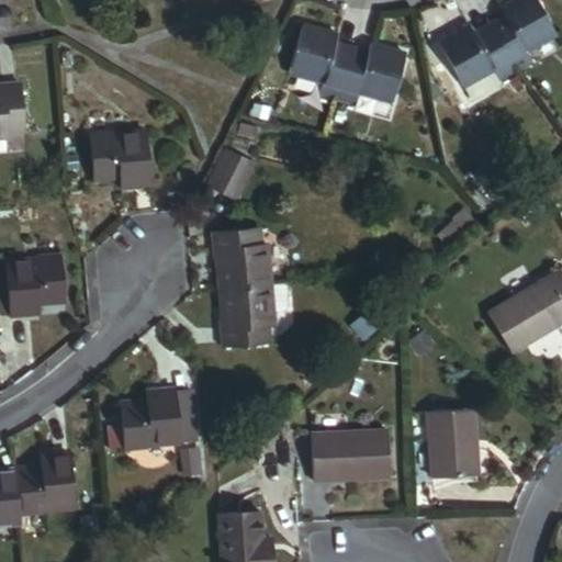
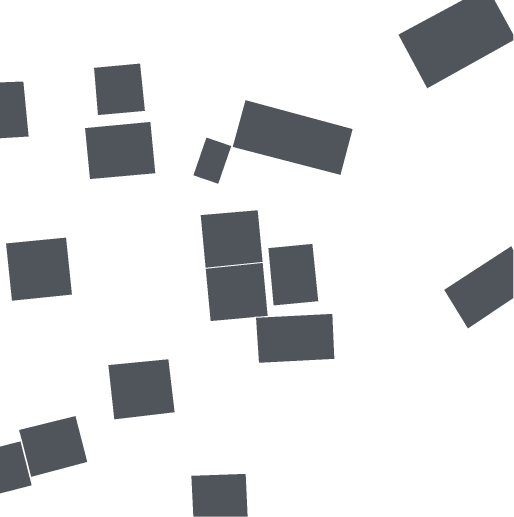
building: [276,20,407,102] -> [232,100,353,176]
building: none -> [94,63,145,116]
building: none -> [268,243,319,306]
building: [415,404,480,477] -> none
building: [302,425,389,479] -> [255,313,335,363]

